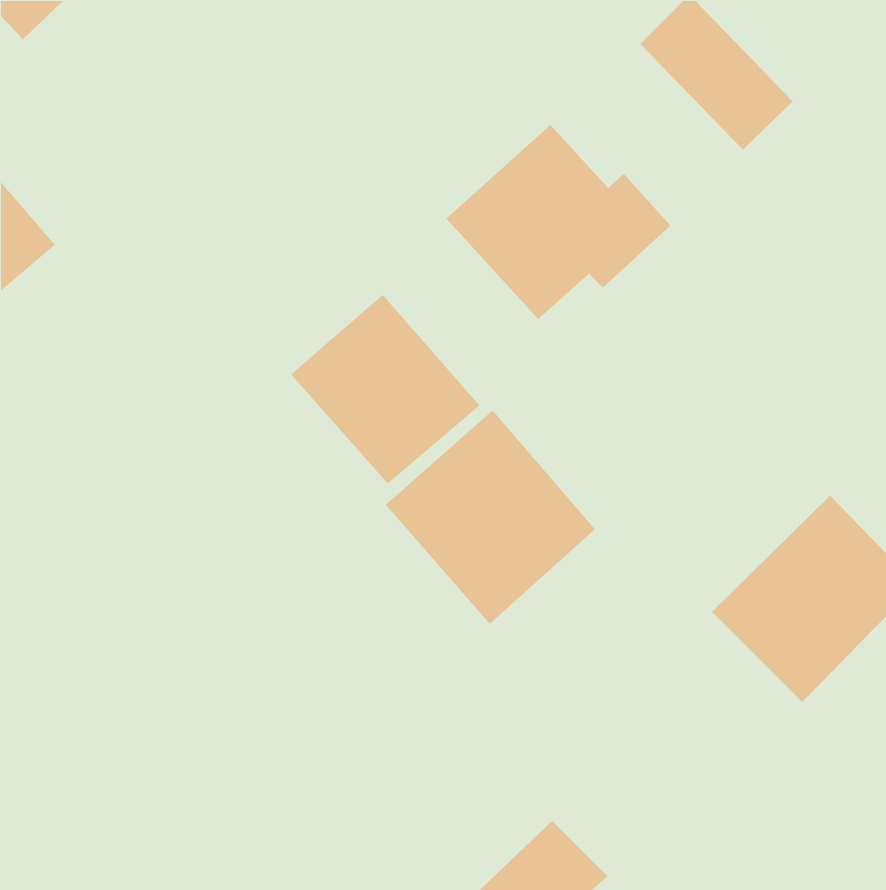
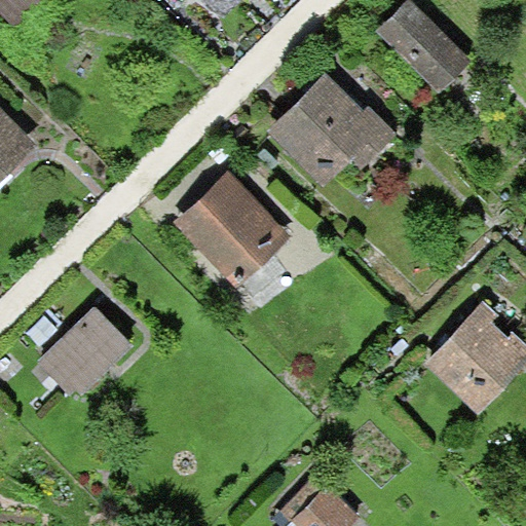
building: [385,409,596,625] -> none
building: none -> [36,305,129,396]

